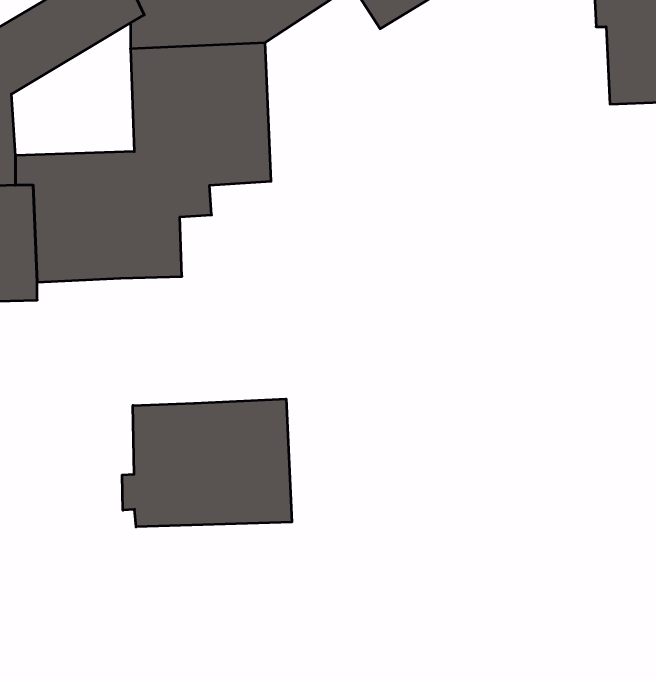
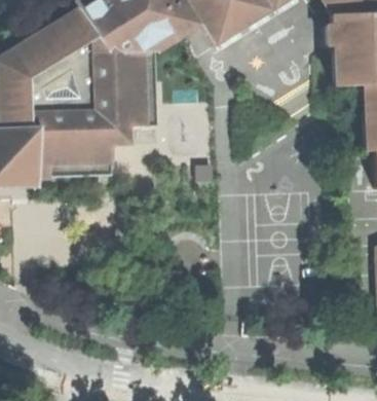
building: none -> [23,41,86,110]
building: [122,399,292,527] -> none

